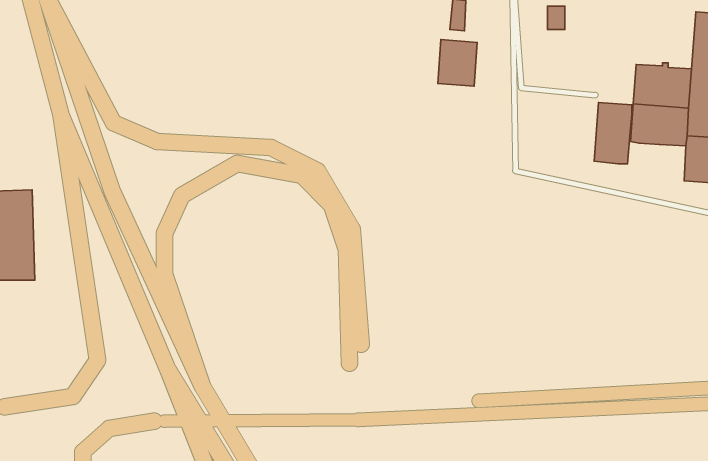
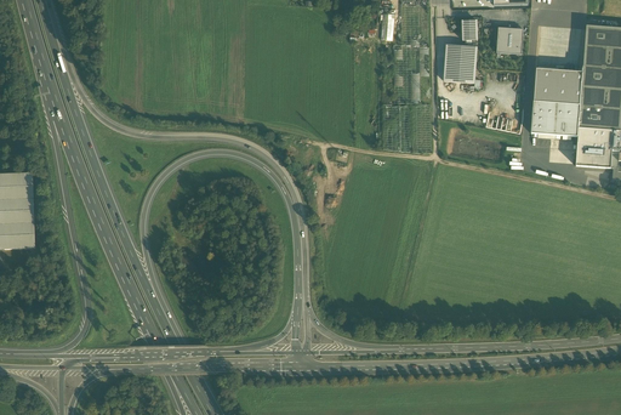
building: none -> [497,28,524,55]
building: [438,40,477,86] -> [444,44,477,83]
building: [594,102,632,164] -> none

